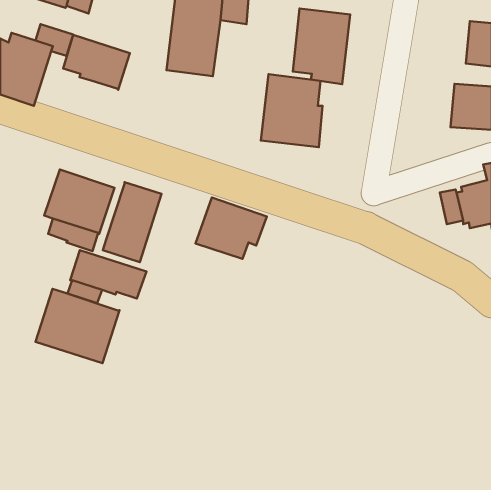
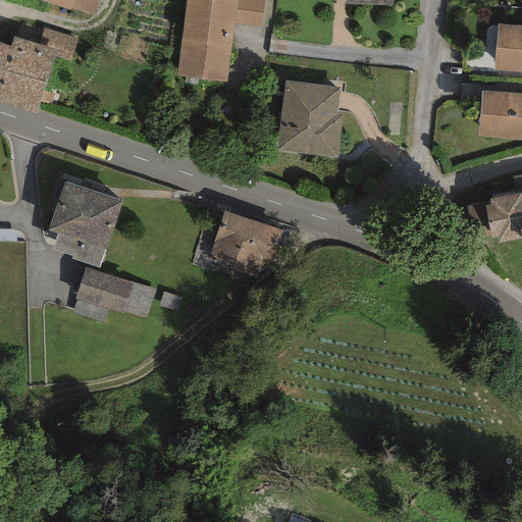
building: [293,8,350,84] -> none
building: [63,35,130,90] -> none
building: [103,182,161,262] -> none
building: [36,289,119,363] -> none

